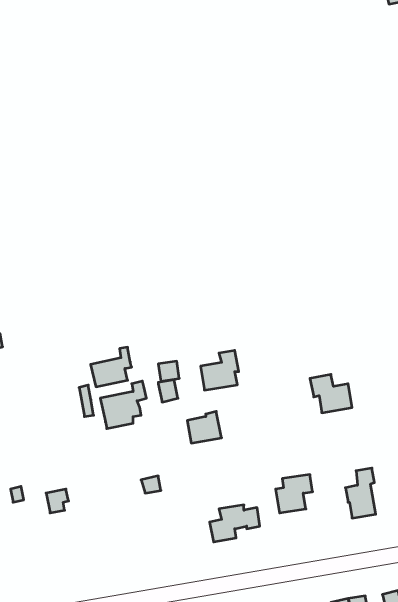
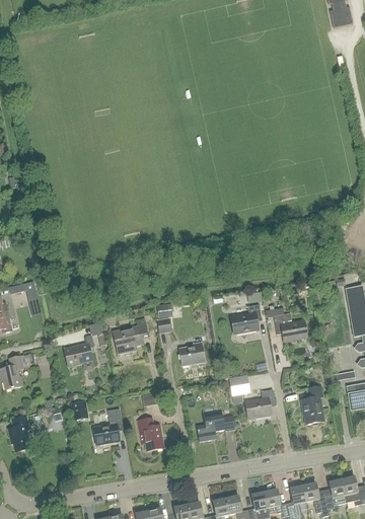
building: [91,347,132,387] -> [63,335,94,365]
building: [201,350,239,390] -> [232,303,262,333]
building: none -> [93,409,123,445]
building: none -> [137,417,163,450]

